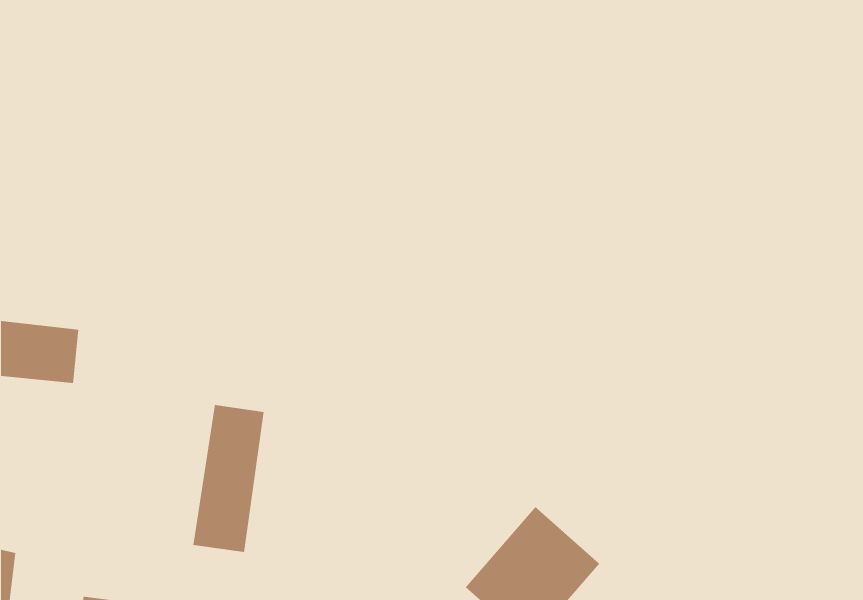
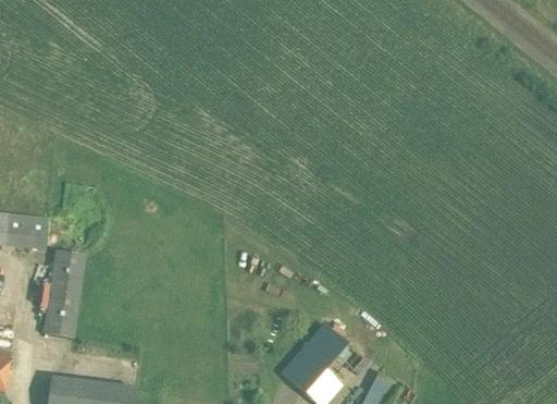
building: [193,405,265,552] -> [42,249,86,339]

